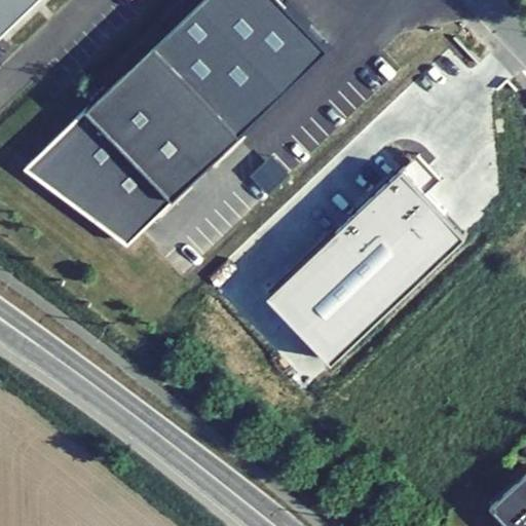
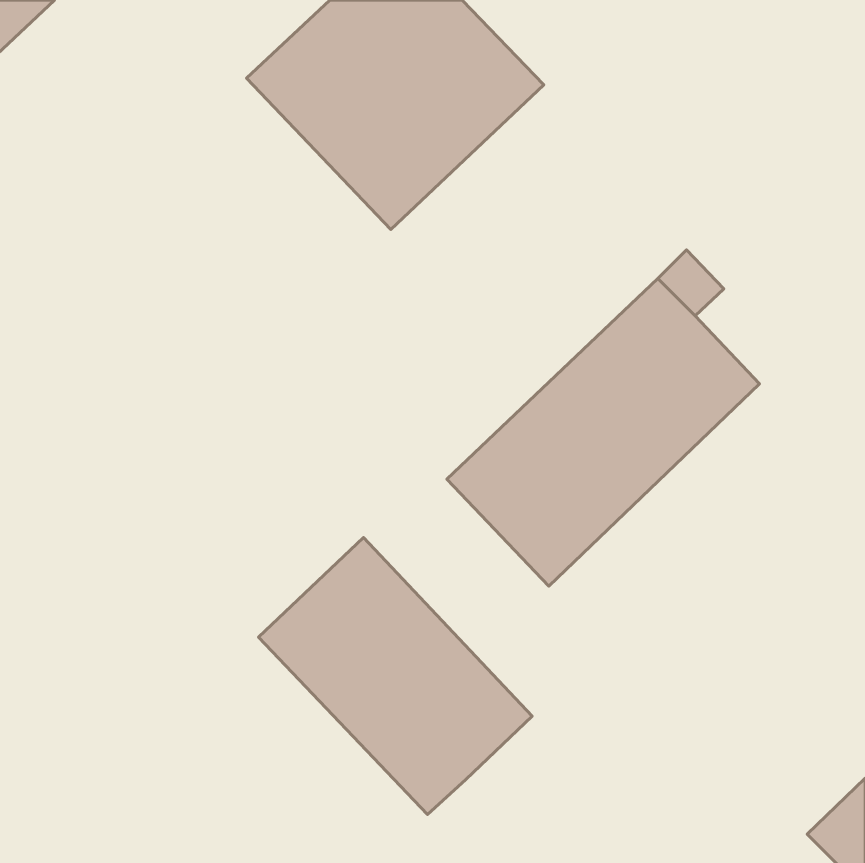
building: [20,50,236,251] -> none
building: none -> [258,537,532,815]

